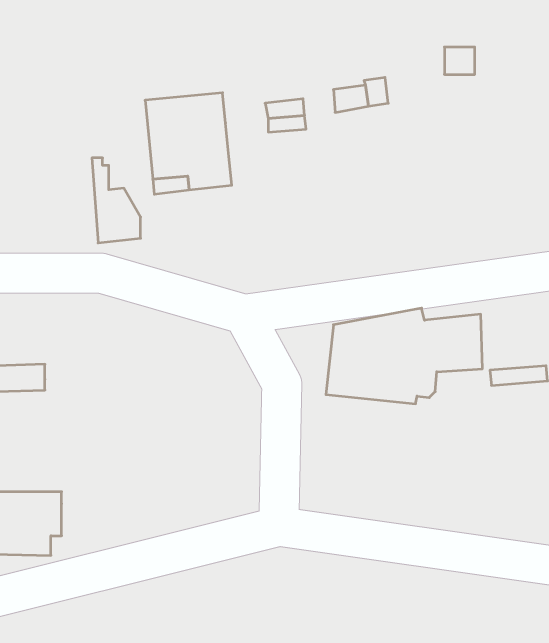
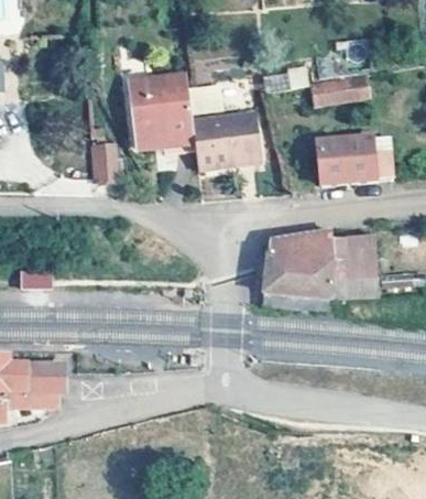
building: none -> [309,74,367,105]
building: none -> [189,112,255,167]
building: none -> [316,134,391,184]

